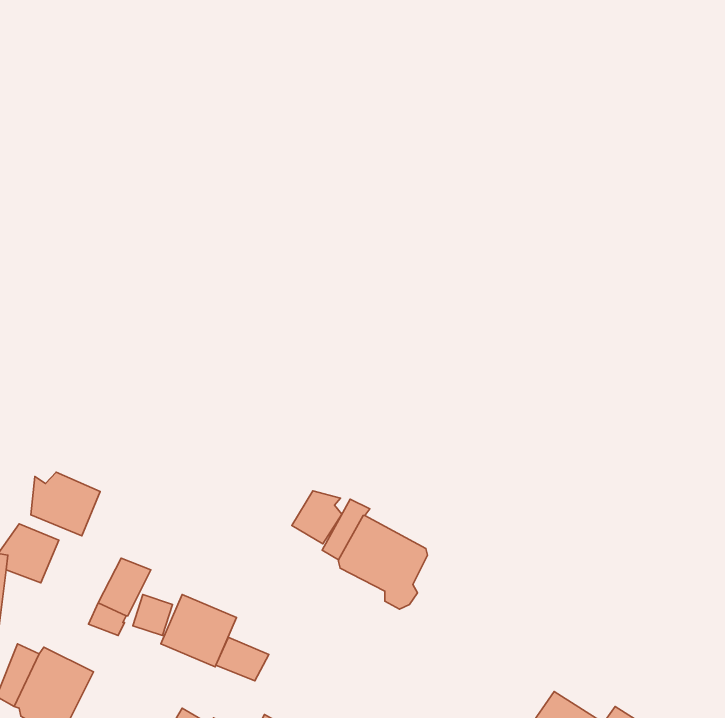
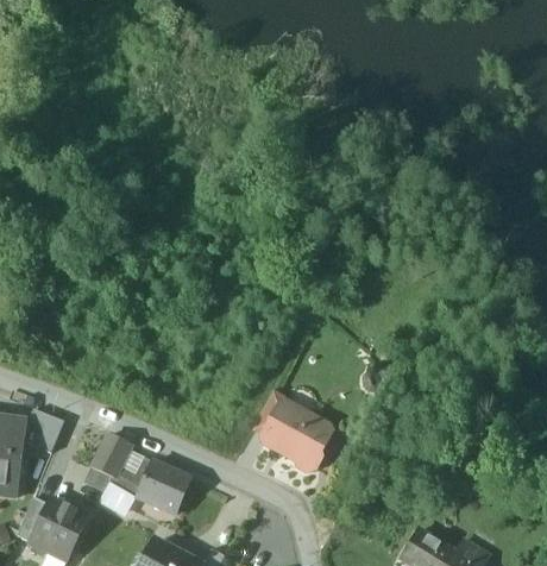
building: [31,472,100,536] -> none
building: [292,491,342,544] -> none
building: [216,638,269,681] -> none

